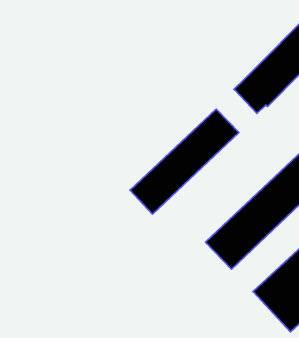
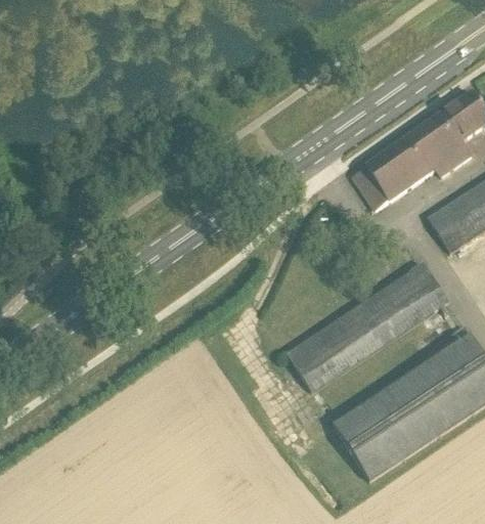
building: [130,109,239,214] -> none

